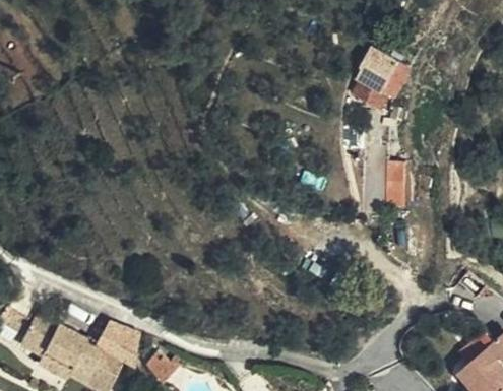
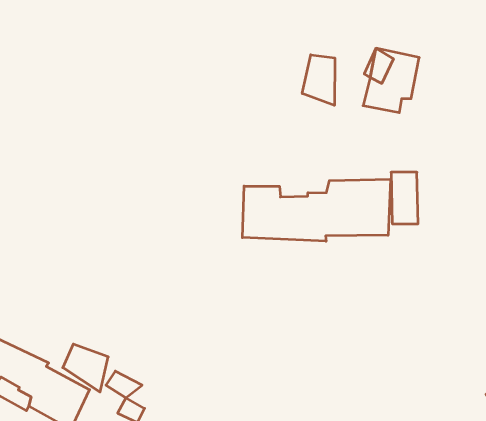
building: none -> [302,55,335,105]
building: none -> [242,179,391,241]

